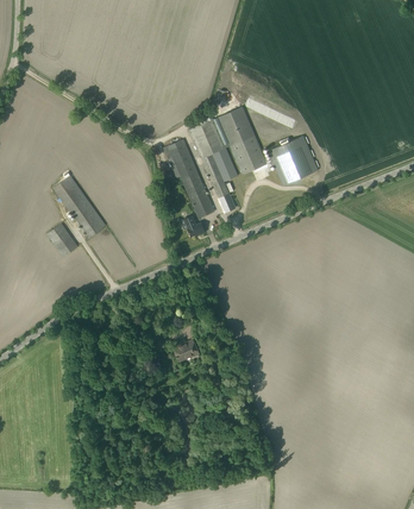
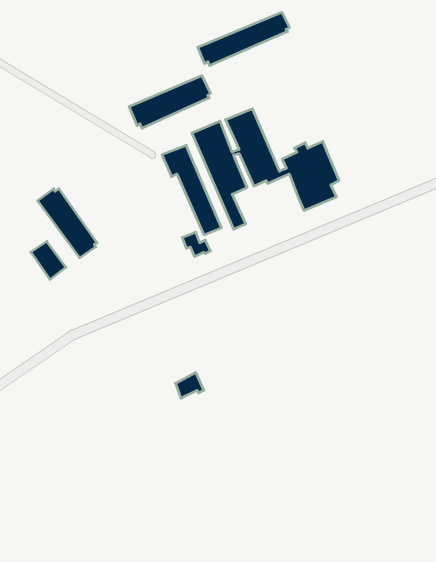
building: none -> [198,12,289,66]
building: none -> [129,76,210,128]

